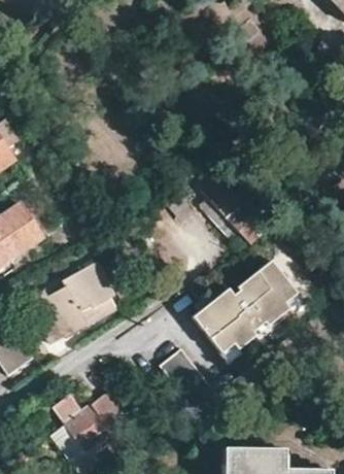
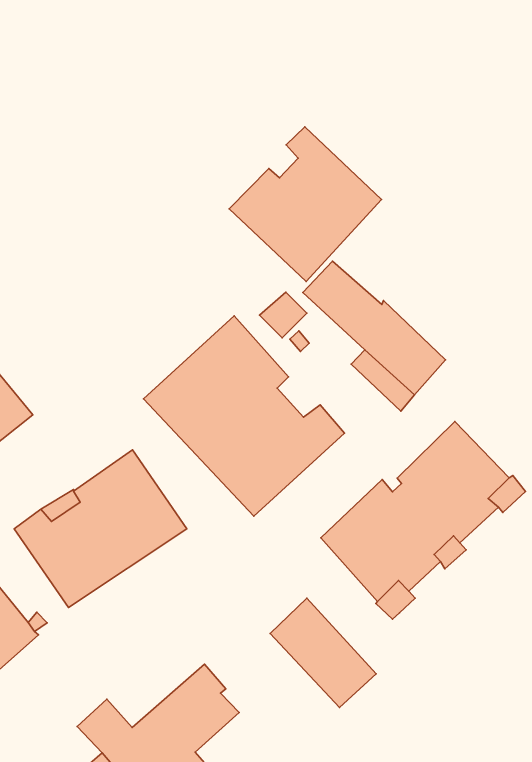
building: none -> [229,127,382,281]
building: none -> [144,316,345,516]

